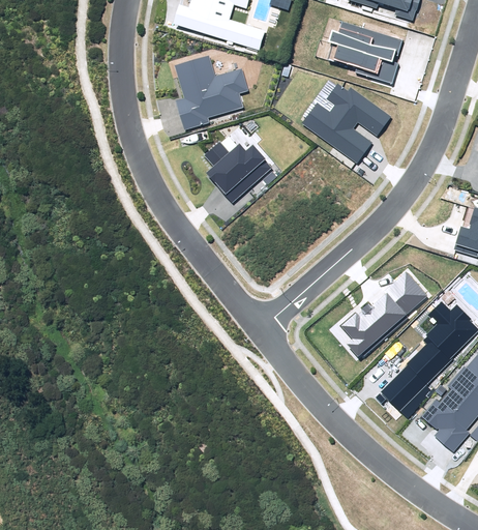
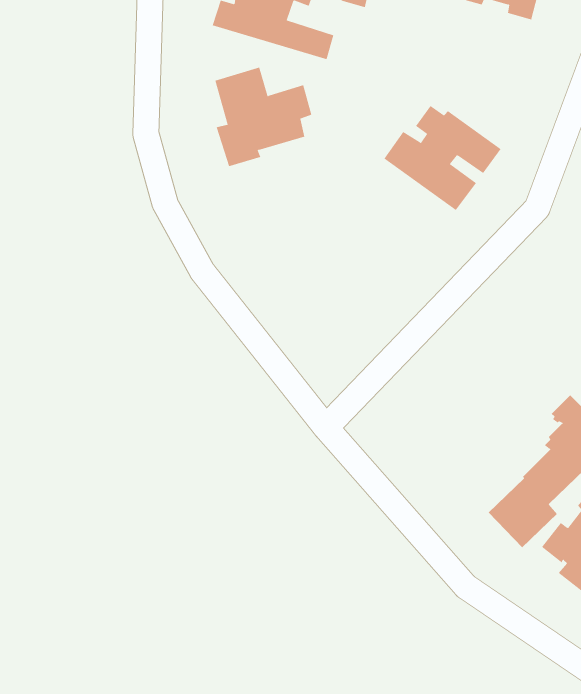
building: [327,21,402,83] -> none
building: [204,136,272,203] -> none
building: [340,271,427,356] -> none

